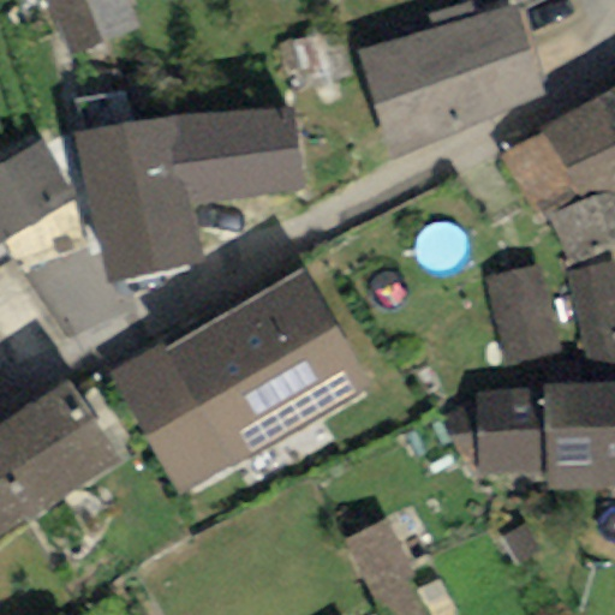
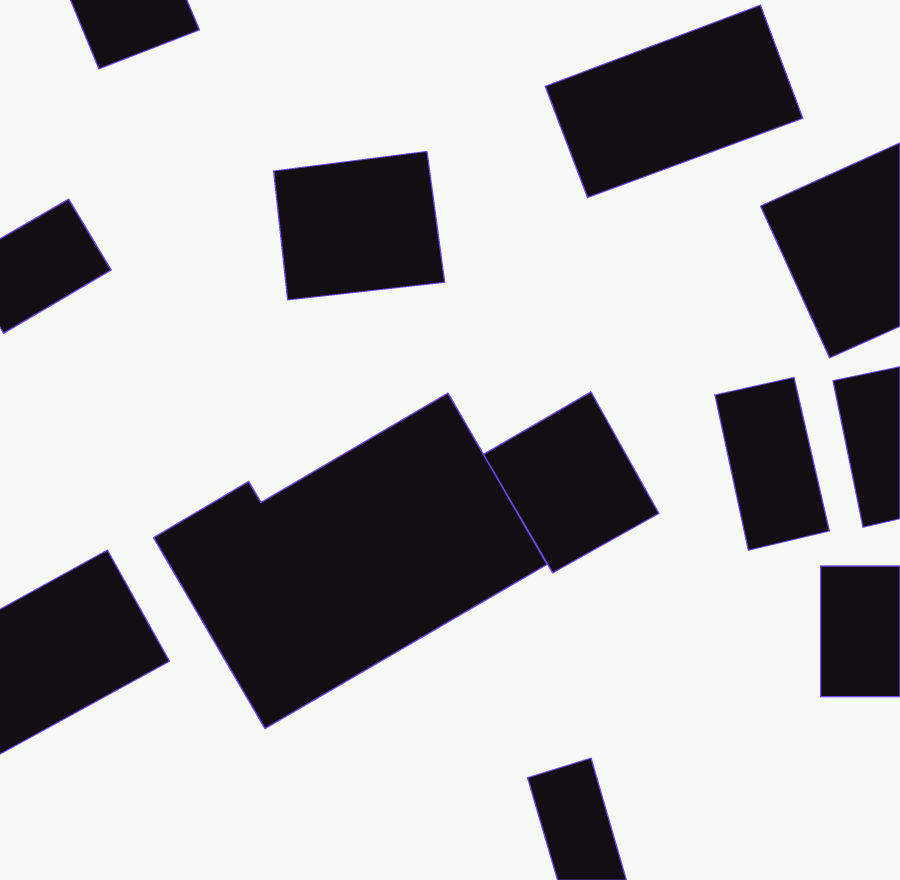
building: [74,117,203,287] -> none
building: none -> [483,392,659,573]
building: [485,386,559,461] -> none

